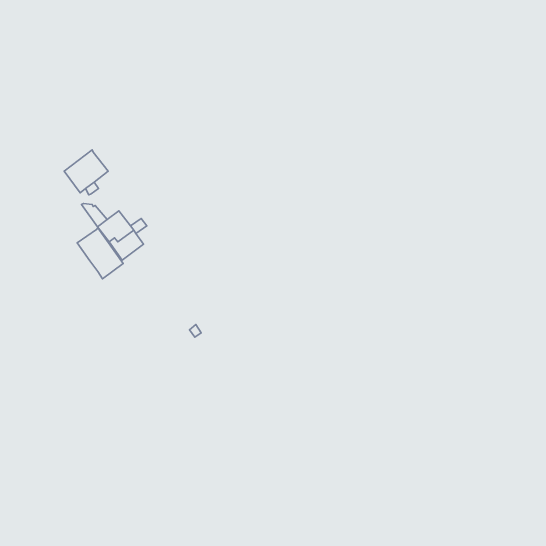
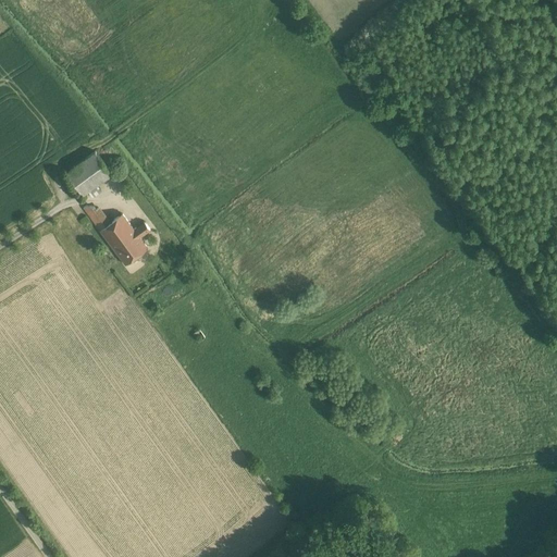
building: [77,228,123,279] -> none

